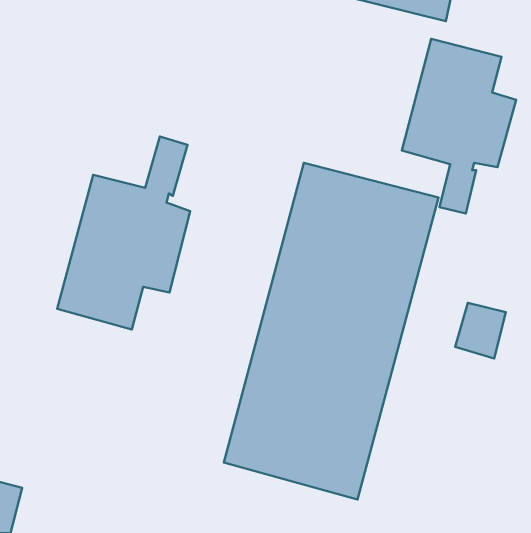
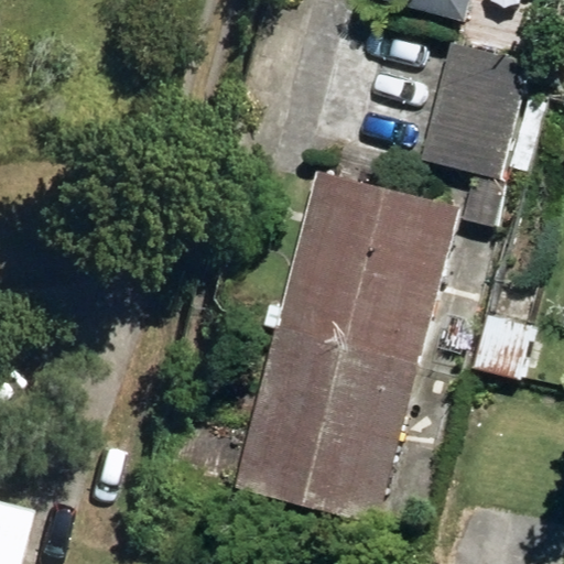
building: [57,137,190,330] -> none

